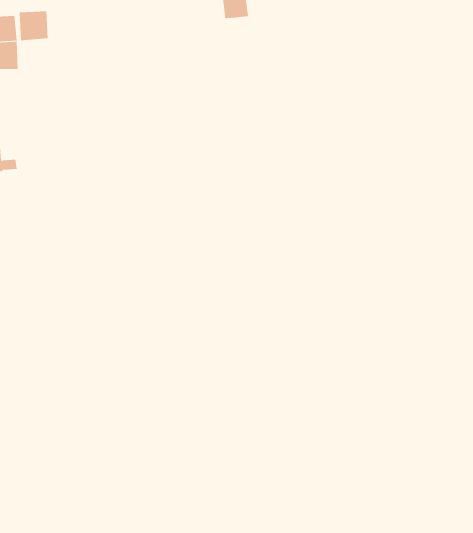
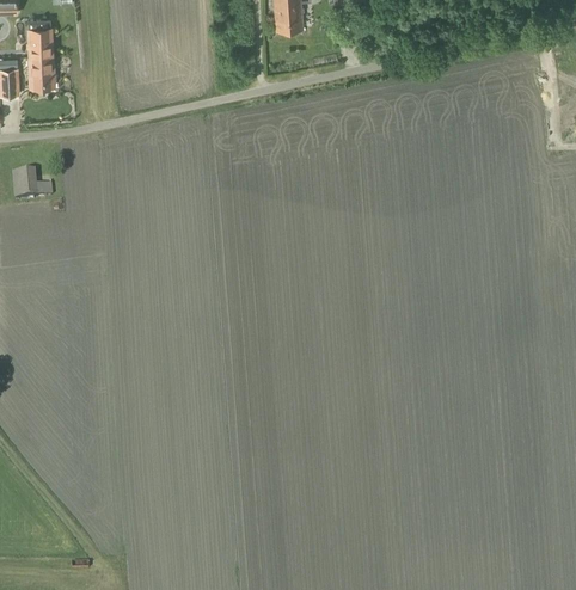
building: [19,11,48,41] -> none

